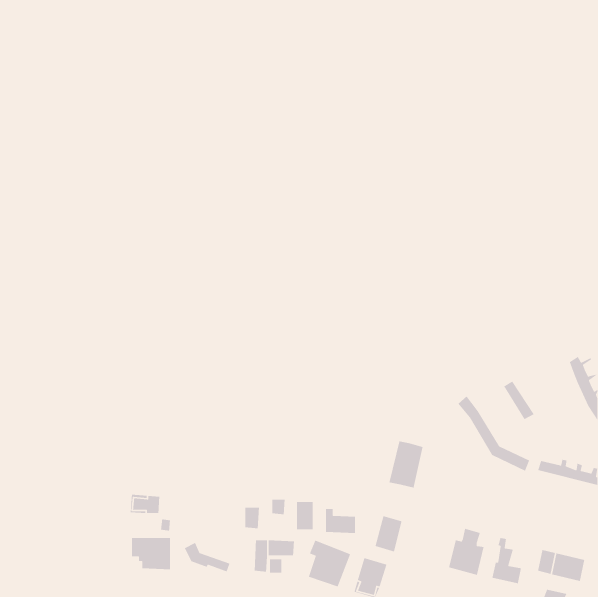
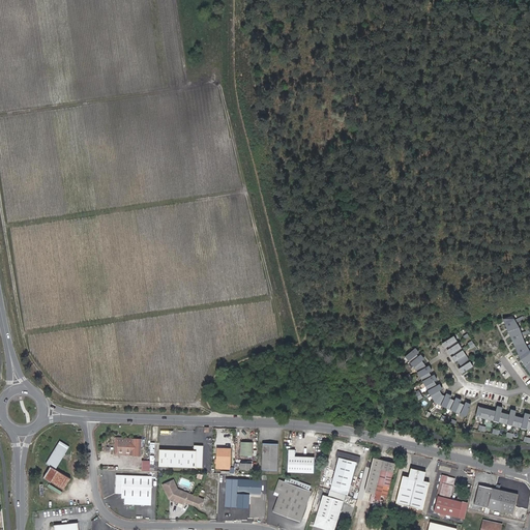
building: [388,441,424,489] -> [364,460,395,502]
building: none -> [43,443,70,492]
building: none -> [159,445,203,466]

